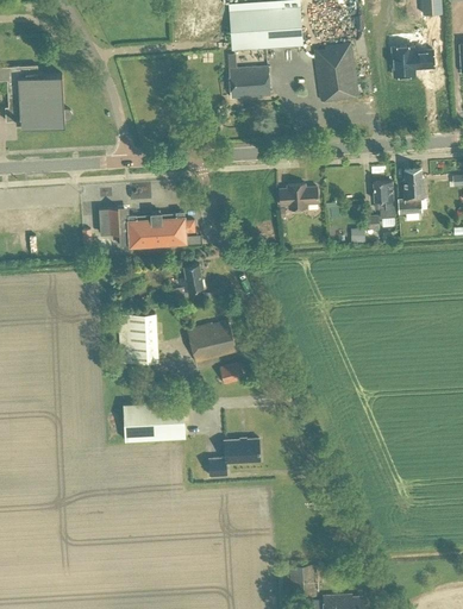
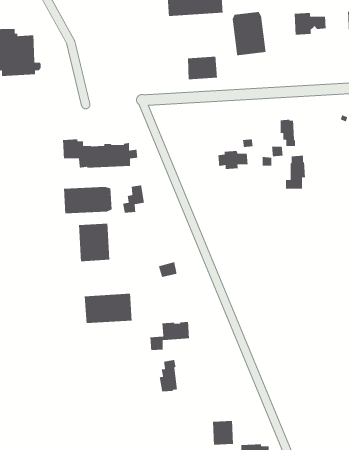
building: [230,67,269,98] -> [187,56,218,80]
building: [399,168,425,212] -> [285,155,306,189]
building: [280,183,319,208] -> [217,150,248,170]
building: none -> [63,186,113,214]
building: [187,319,237,362] -> none
building: none -> [159,359,178,392]

